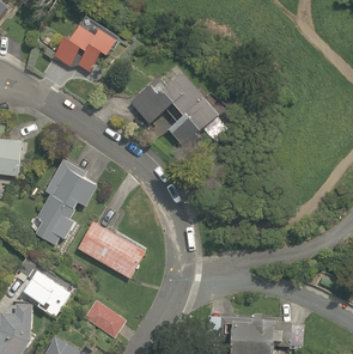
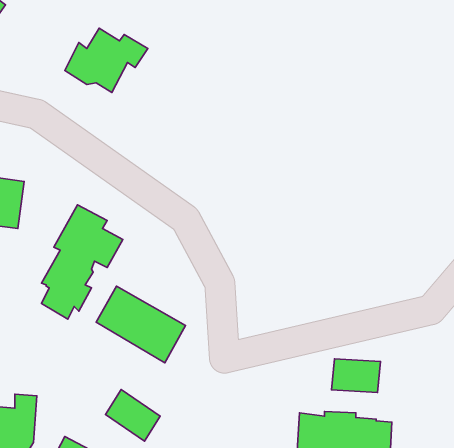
building: [129,71,218,148] -> none
building: [22,269,69,317] -> none
building: none -> [331,359,380,393]

